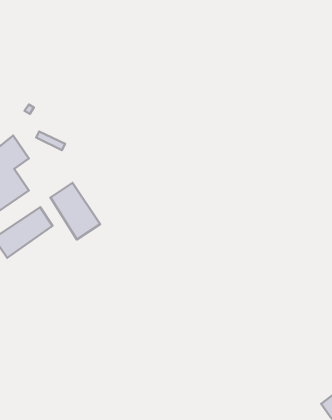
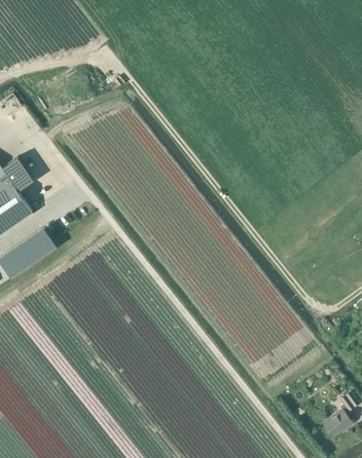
building: [51,183,100,240] -> none

